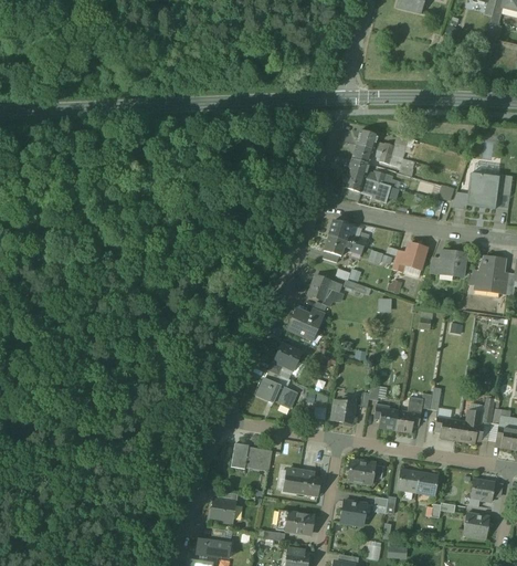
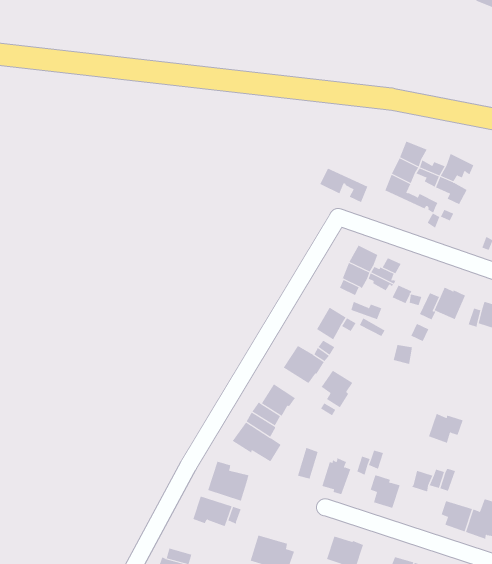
building: [342,172,382,197] -> [320,168,368,203]
building: none -> [321,370,353,408]
building: [394,410,421,433] -> [428,413,463,443]
building: none -> [208,461,249,501]

